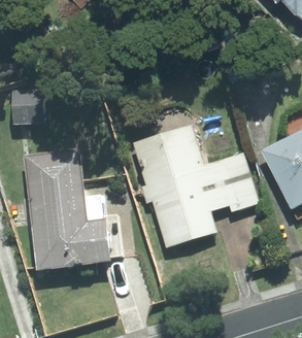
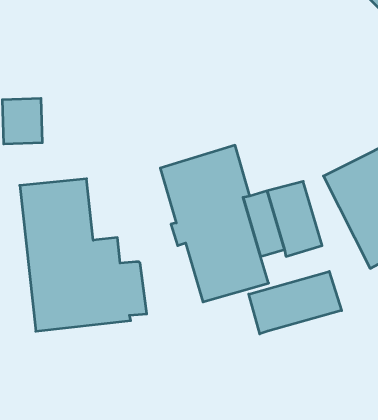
building: none -> [249,271,342,334]

